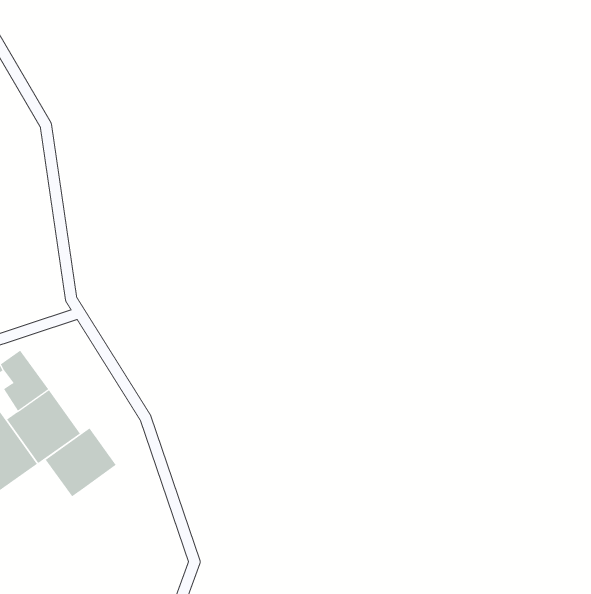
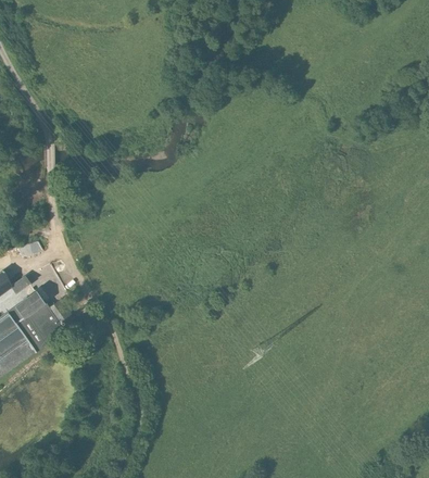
building: [45,427,116,497] -> none

